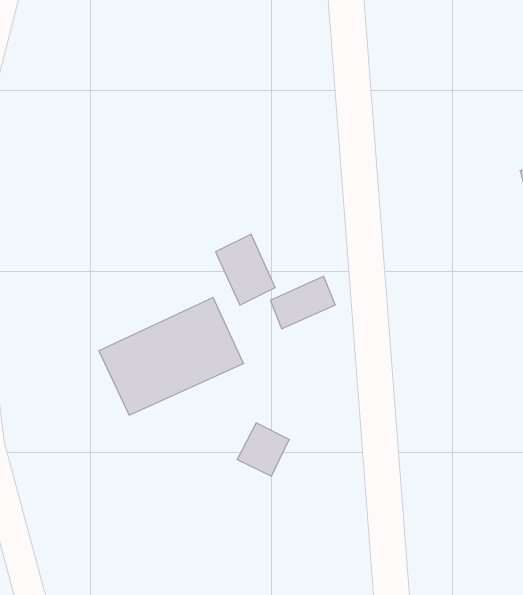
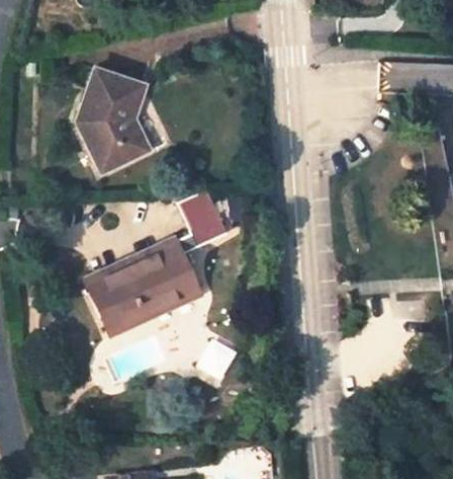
building: none -> [81,67,152,170]
building: [271,276,335,329] -> none

